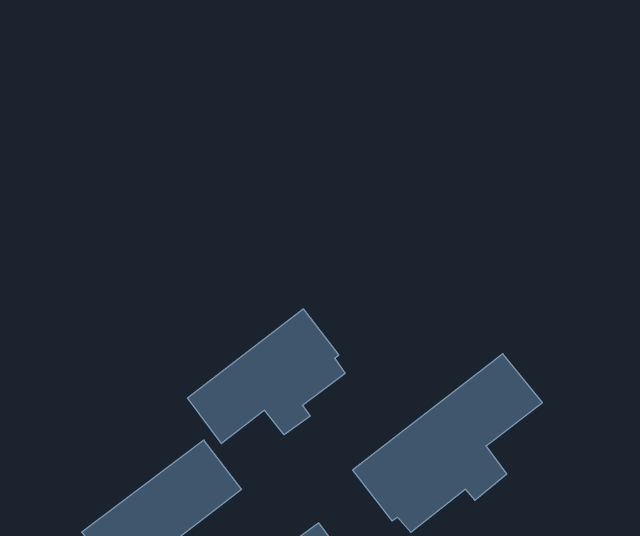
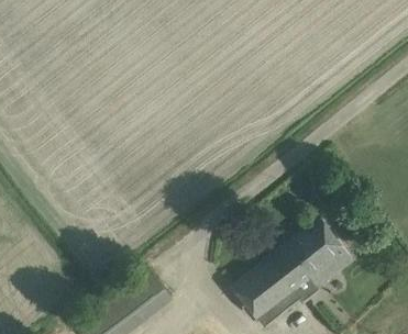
building: [187,309,345,444] -> none

